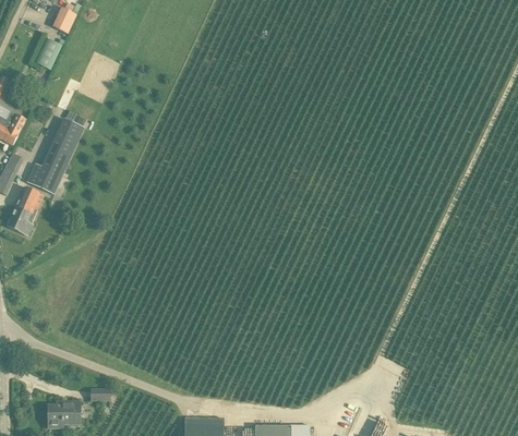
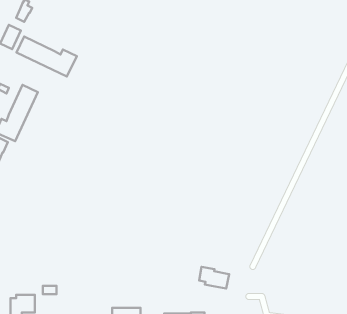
building: none -> [17,37,77,77]
building: none -> [199,267,229,289]

